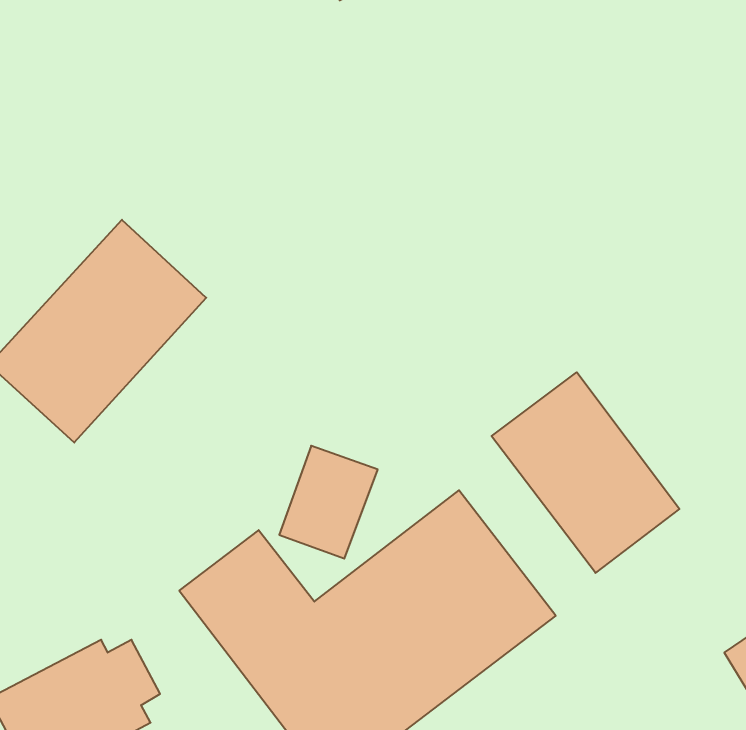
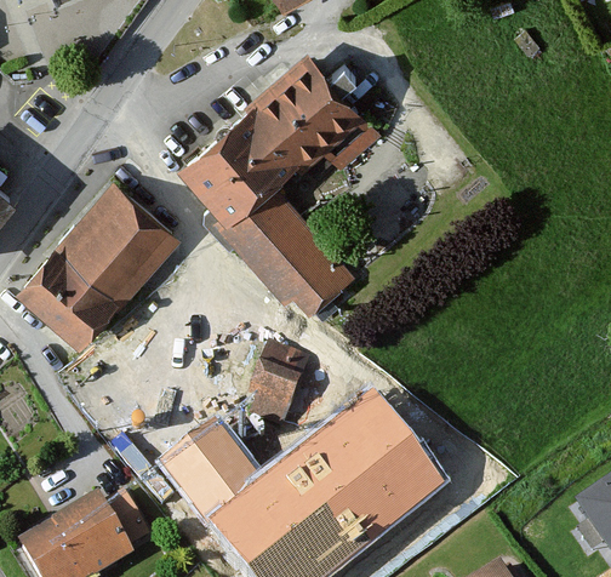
building: none -> [170,45,381,314]
building: [492,372,679,573] -> none

